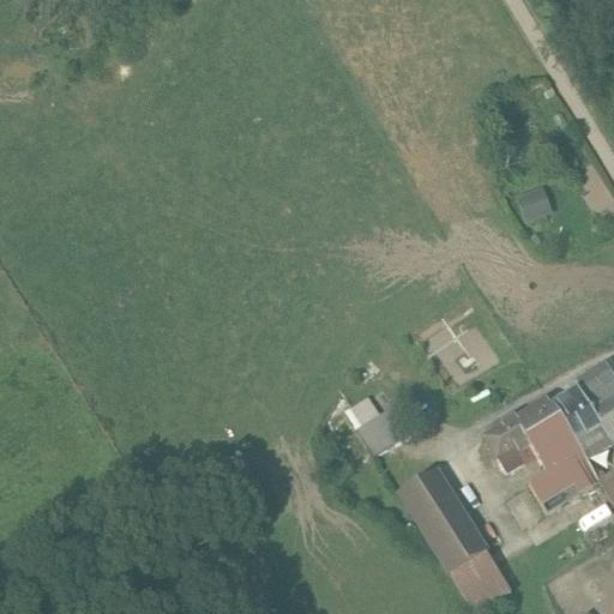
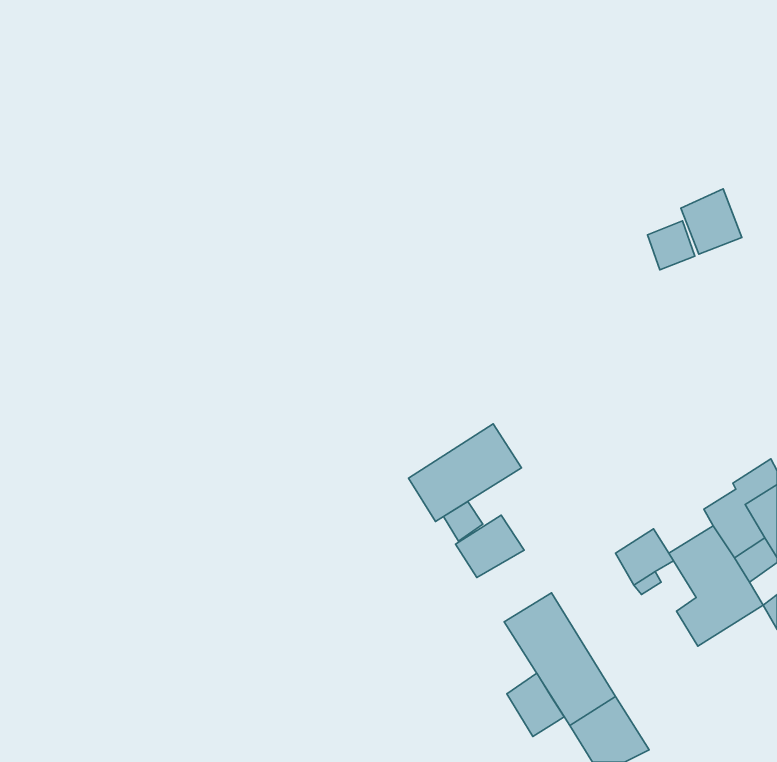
building: none -> [681,189,742,254]
building: none -> [408,424,521,522]
building: [514,395,561,435] -> none
building: none -> [507,673,564,736]

